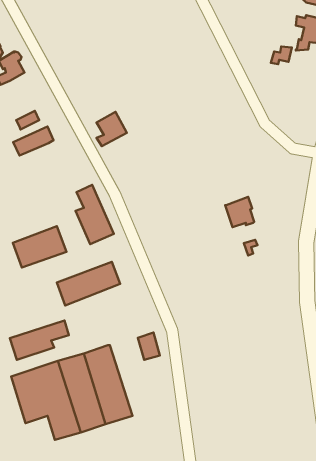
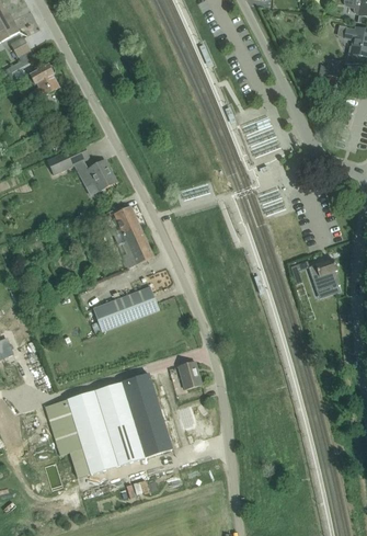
building: [97,112,127,146] -> [84,159,116,195]
building: [225,197,254,227] -> [308,258,339,289]
building: [13,226,67,267] -> none
building: [10,321,69,360] -> none

